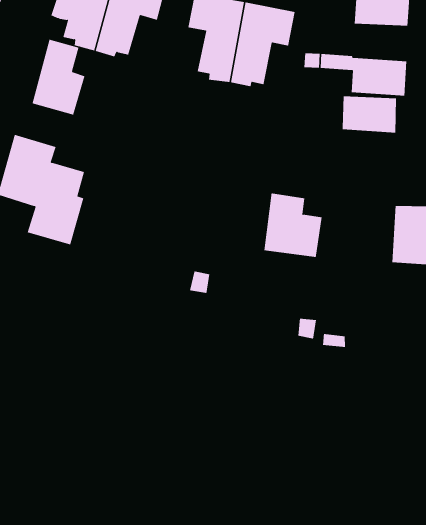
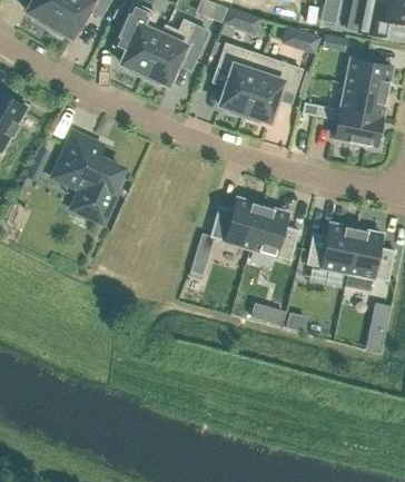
building: [32,39,85,115] -> none
building: [342,96,397,133] -> [340,85,386,119]
building: none -> [209,197,263,248]
building: none -> [306,223,356,272]

